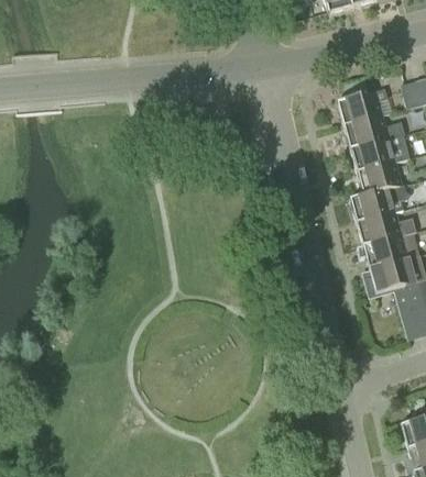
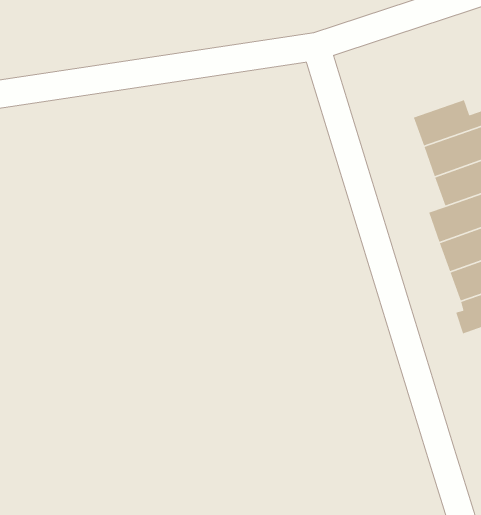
building: [337,87,391,124] -> none

